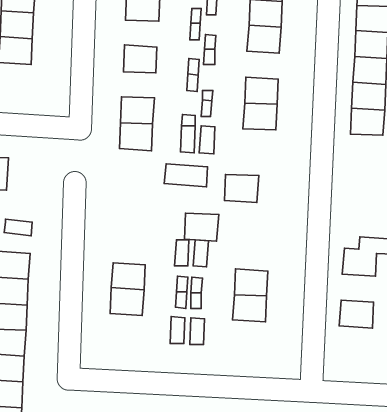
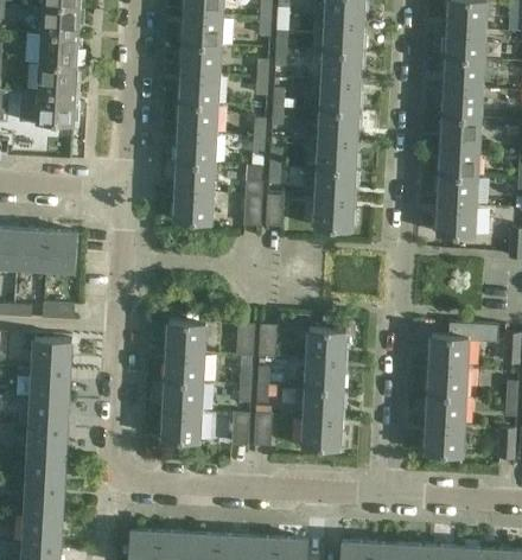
building: none -> [179,74,218,104]
building: none -> [318,109,356,141]
building: none -> [176,133,215,163]
building: none -> [435,204,475,236]
building: none -> [44,231,76,271]
building: [164,164,207,187] -> none
building: [225,174,259,202] -> [313,198,352,230]
building: [184,213,219,241] -> [306,329,345,361]
building: none -> [166,322,205,354]
building: none -> [427,364,466,396]
building: none -> [161,409,199,441]
building: none -> [301,416,340,448]
building: none -> [424,424,463,456]

